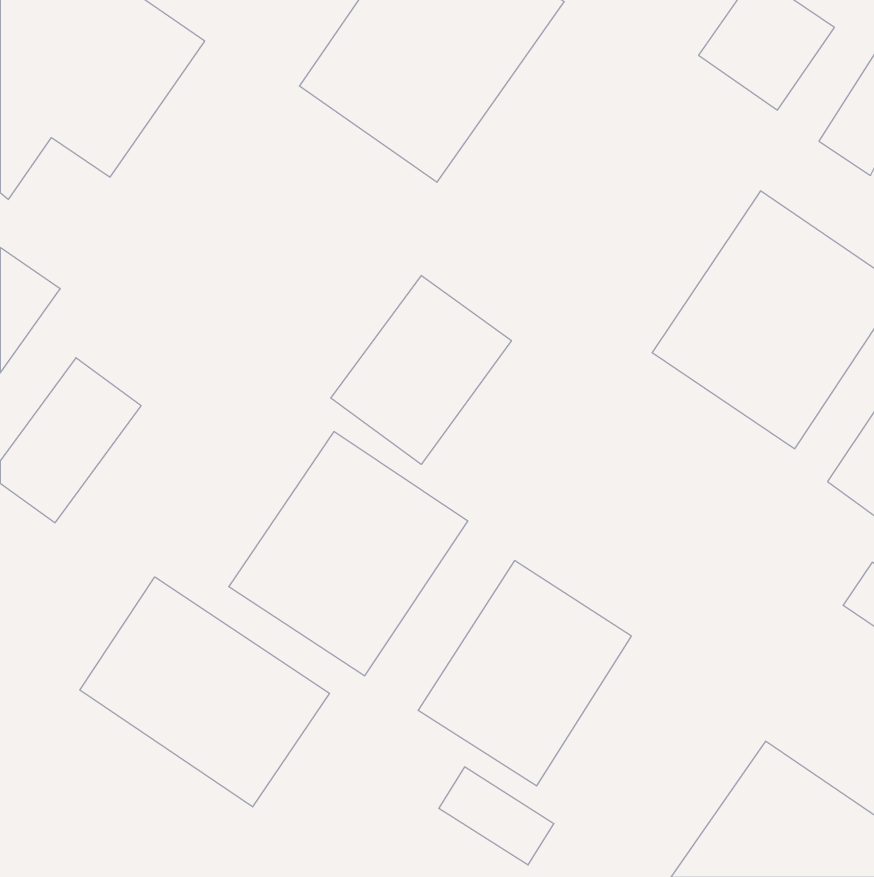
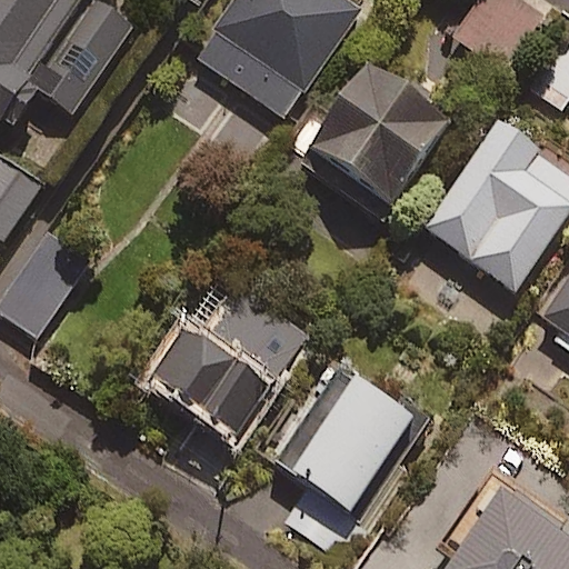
building: none -> [292,58,448,217]
building: [331,275,511,464] -> none
building: [80,577,329,807] -> none

